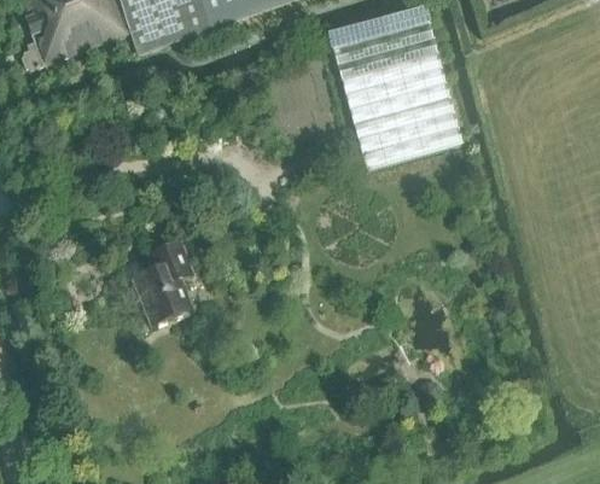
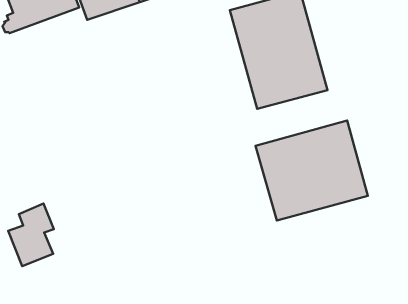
building: none -> [256,121,368,221]
building: [132,240,194,326] -> [8,204,54,266]

